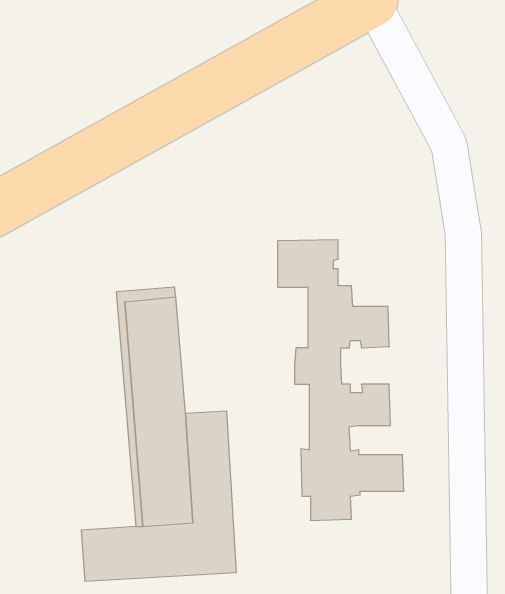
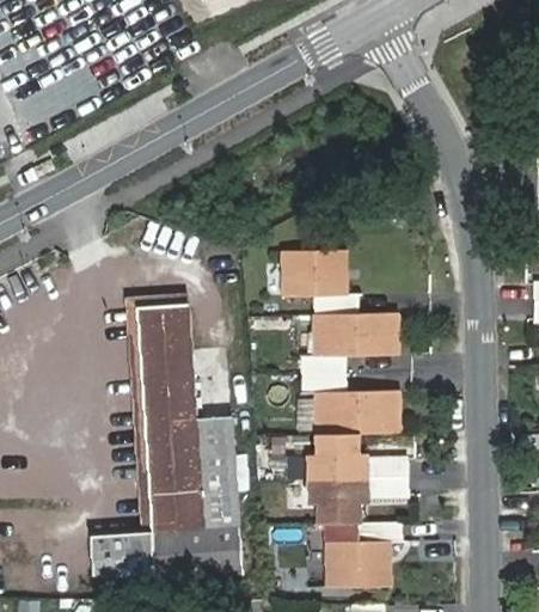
building: none -> [329,524,403,589]

